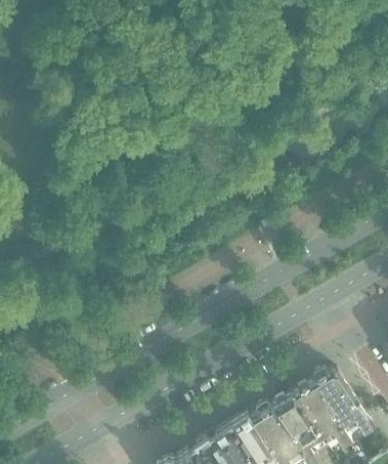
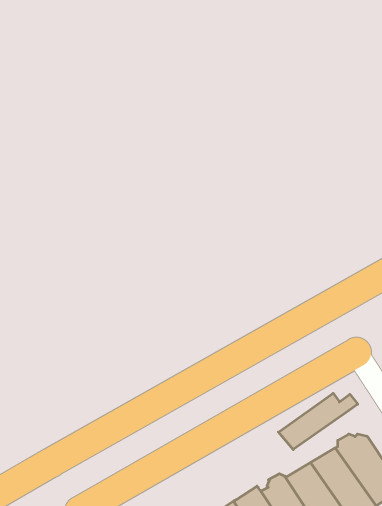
building: none -> [278,393,358,450]

